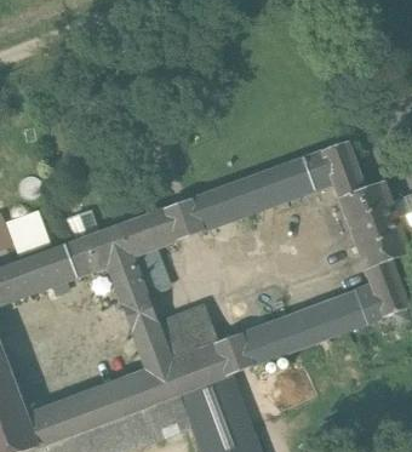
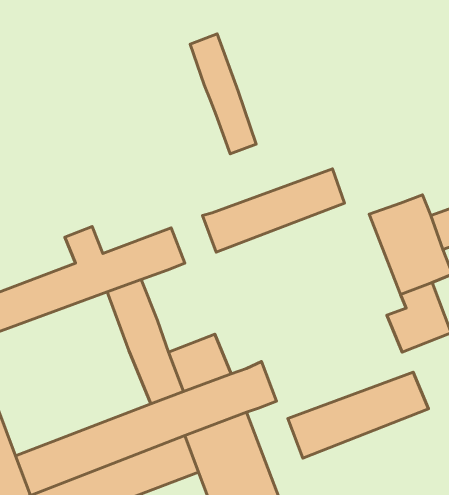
building: none -> [190,34,256,154]
building: [305,141,366,198] -> none
building: [162,199,202,241] -> none
building: [136,247,172,292] -> none
building: [242,287,367,364] -> [288,372,428,458]

